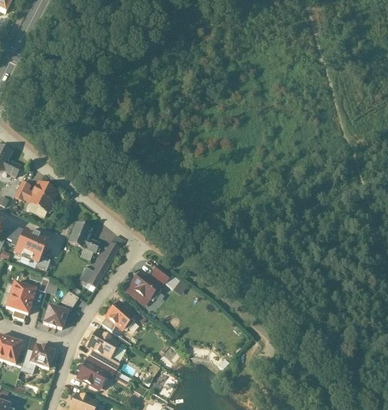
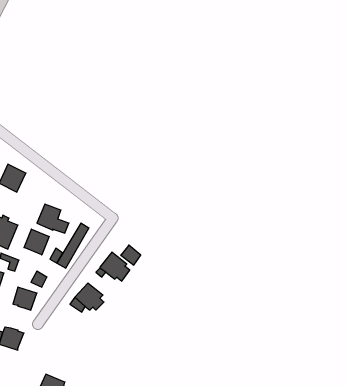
building: none -> [24,229,49,255]
building: [78,329,119,388] -> none

